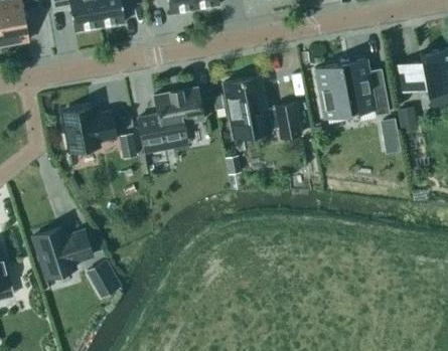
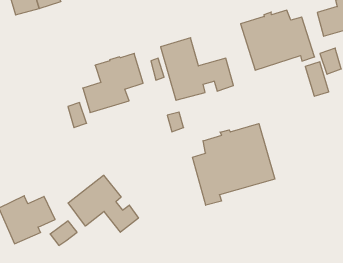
building: [62,107,116,152] -> none
building: none -> [192,124,275,205]
building: none -> [68,175,138,232]

